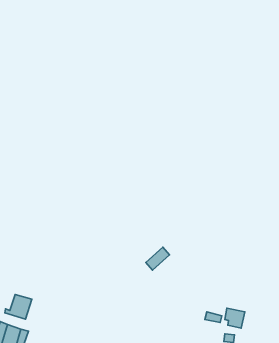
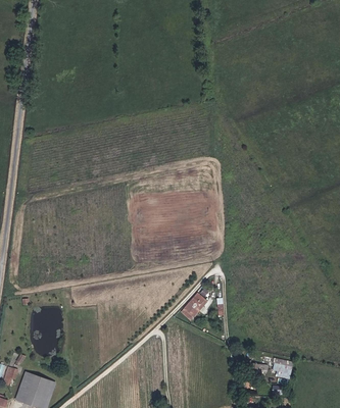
building: [5,295,32,319] -> none

